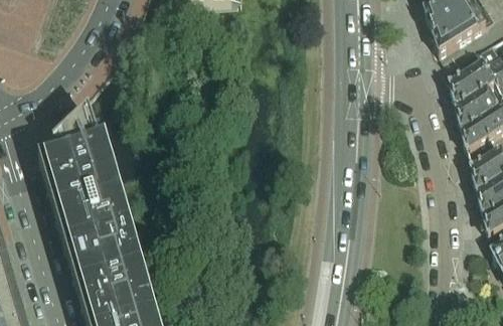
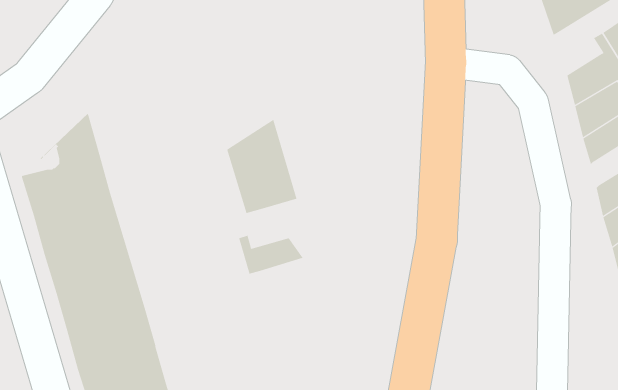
building: none -> [227,119,297,214]
building: none -> [238,235,304,274]

